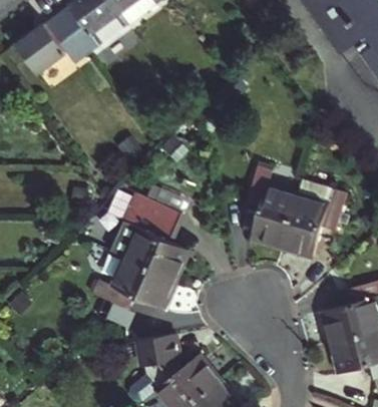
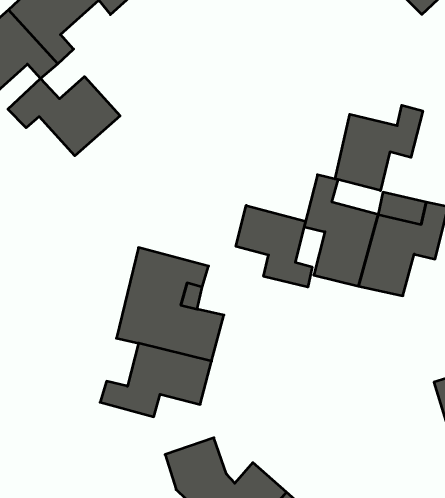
building: none -> [8,77,120,156]
building: none -> [335,105,423,191]
building: none -> [236,205,312,287]

